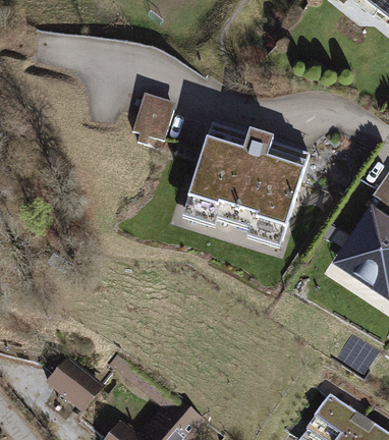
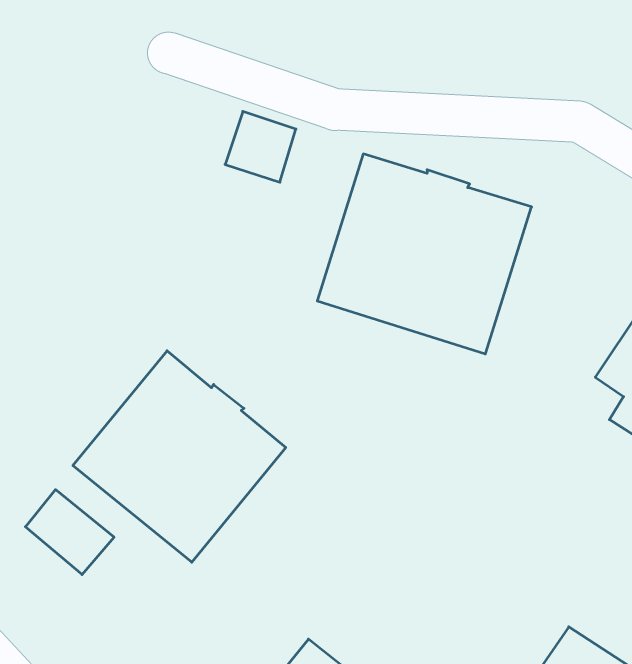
building: none -> [73,351,286,562]
building: [48,361,99,409] -> [25,490,114,575]

